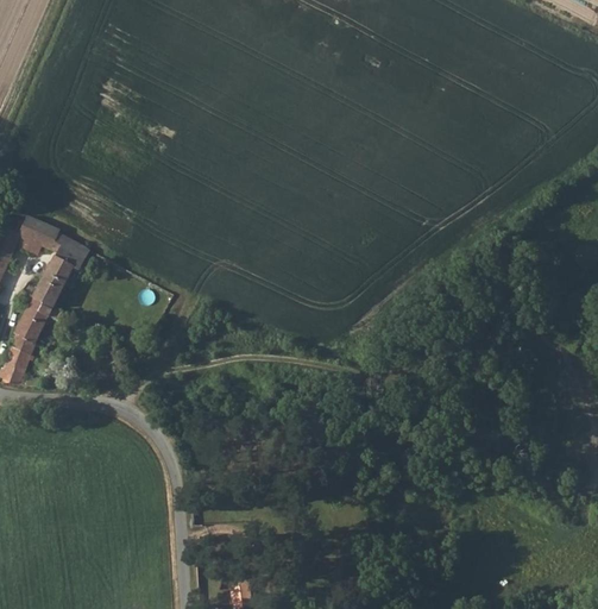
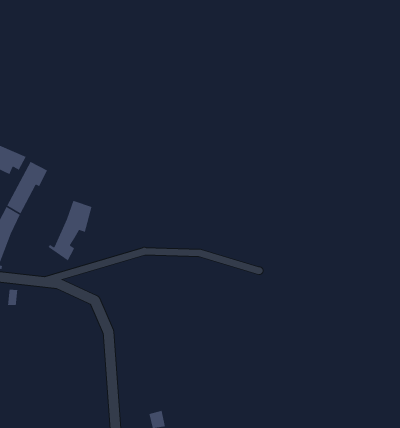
building: none -> [48,200,93,261]

